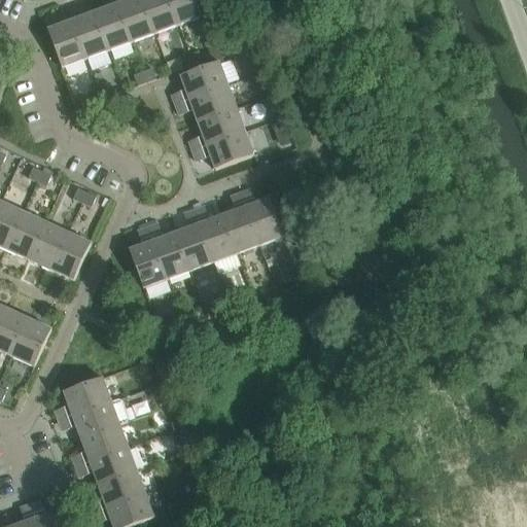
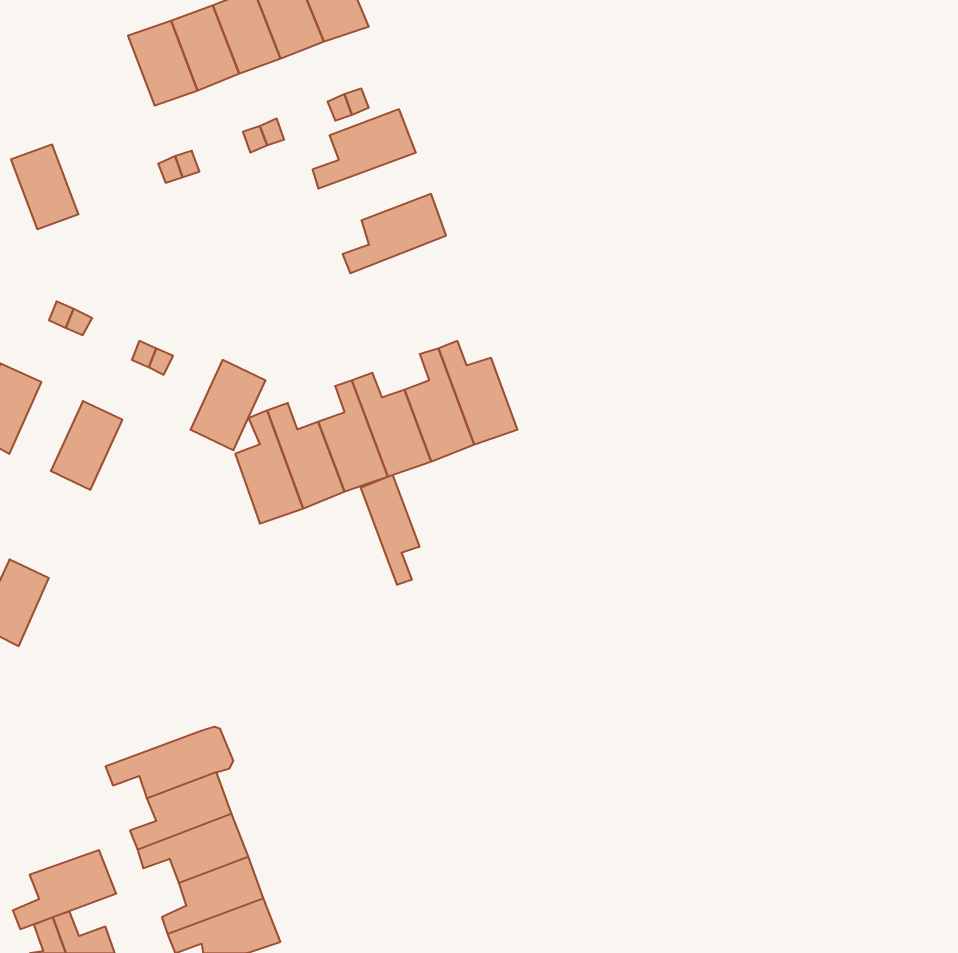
building: [47,20,84,66] -> [11,145,79,229]
building: [174,83,236,120] -> none
building: [191,129,253,167] -> none
building: [5,209,45,257] -> none
building: [49,230,91,279] -> [190,360,266,450]
building: none -> [361,475,419,585]
building: [10,316,49,363] -> none
building: [54,376,110,419] -> [13,850,116,929]

